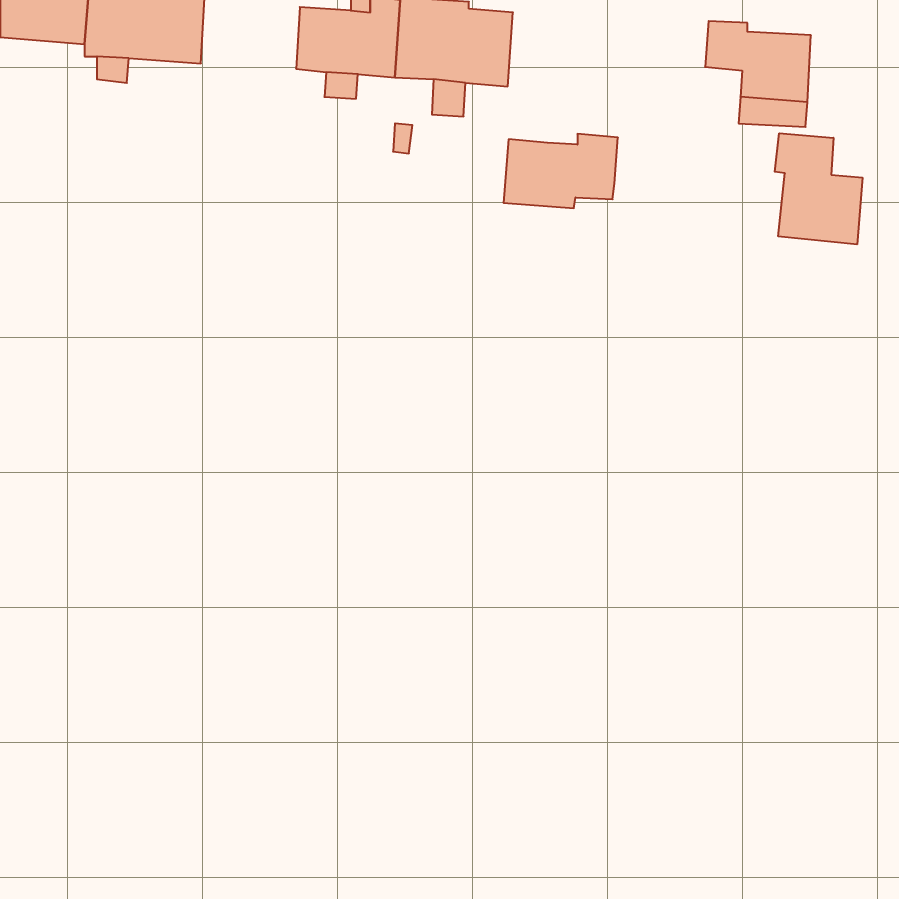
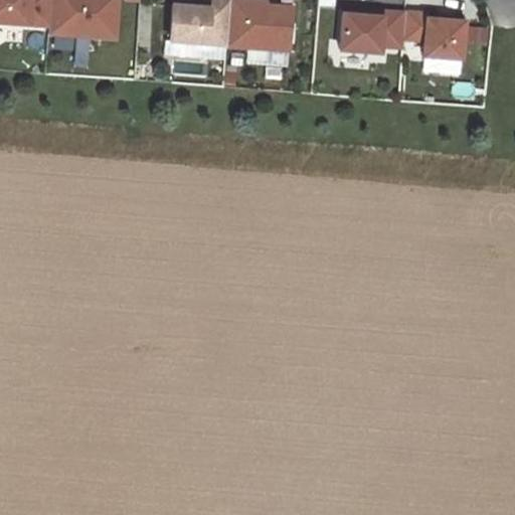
building: [775,133,862,244] -> none
building: [503,134,618,208] -> [340,10,405,52]

